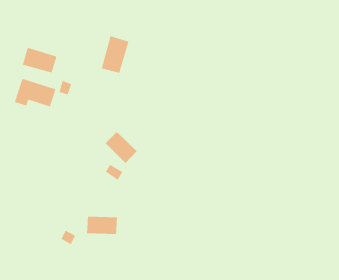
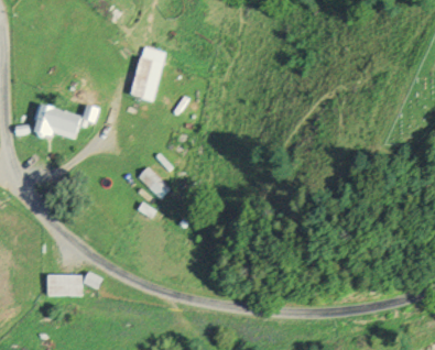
building: [22,47,57,73] -> none
building: [86,216,118,235] -> [48,275,84,296]

